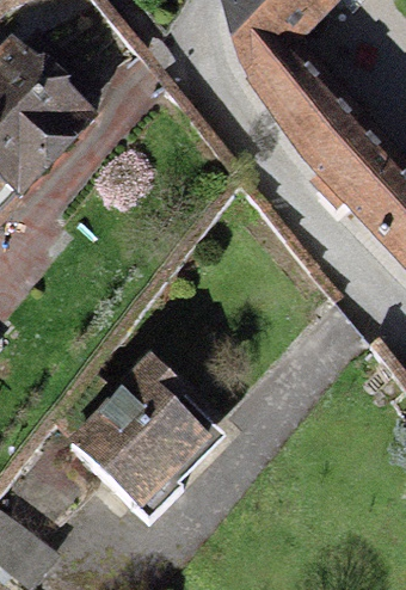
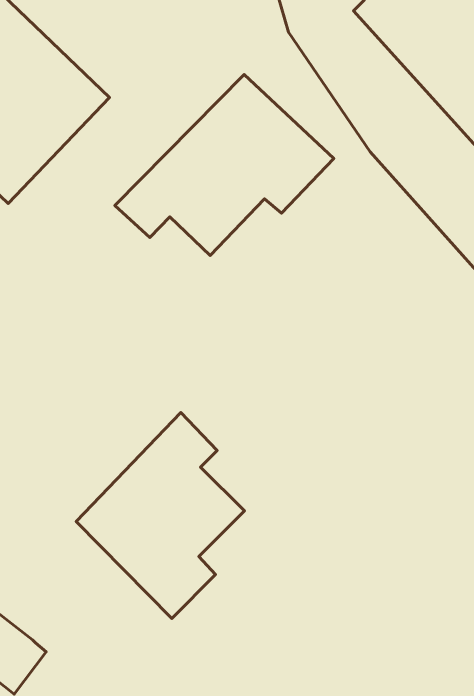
building: none -> [115,75,334,255]

